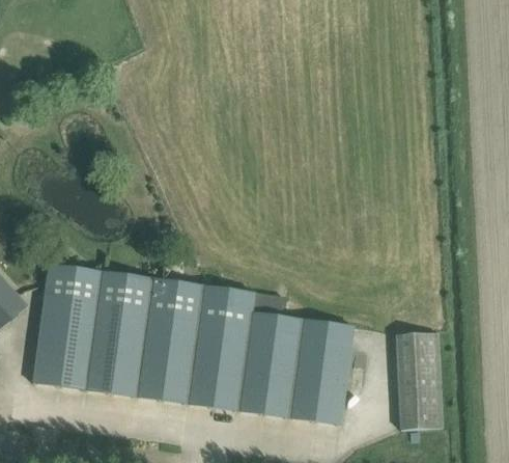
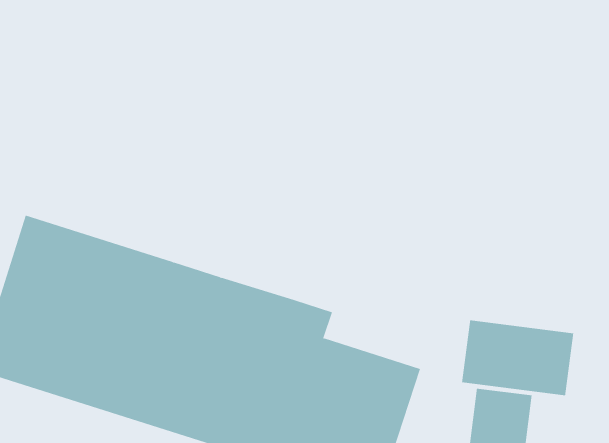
building: none -> [461,319,574,396]

